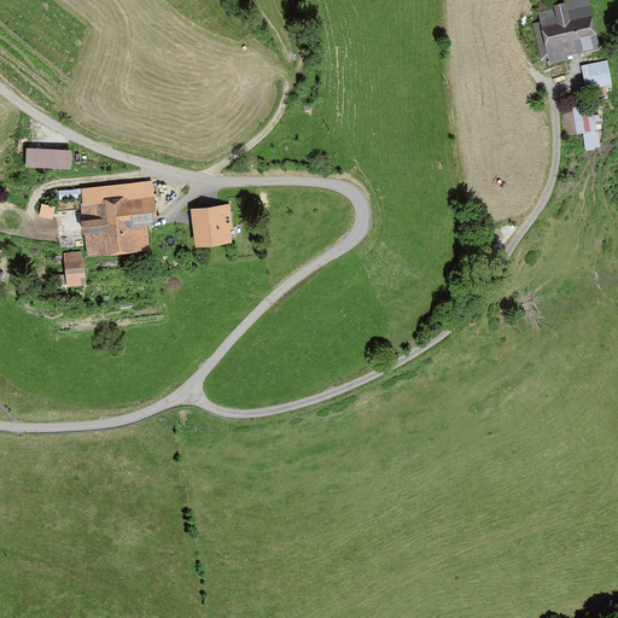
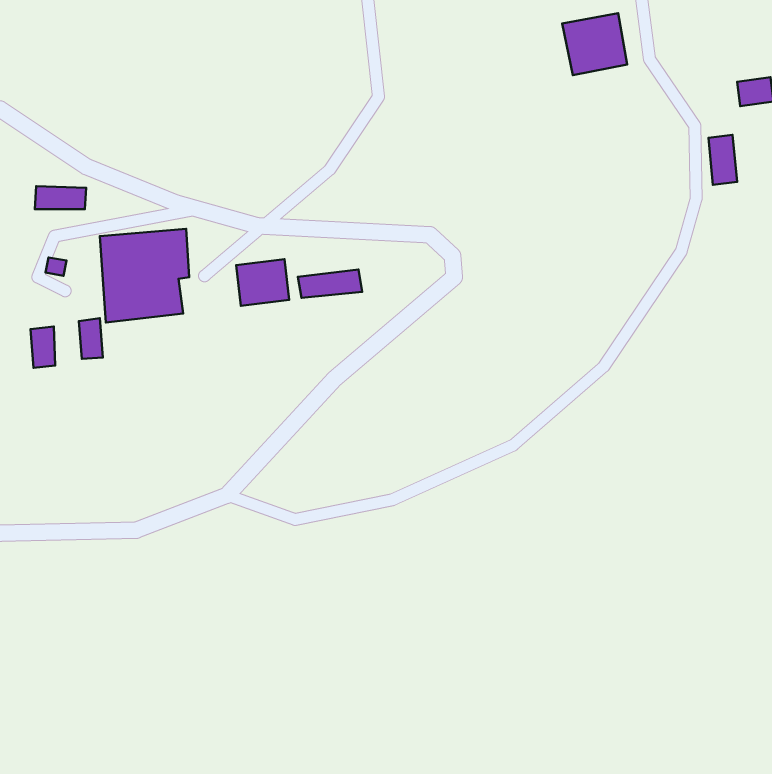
building: [540,7,591,57] -> [562,13,627,75]
building: none -> [298,269,362,298]
building: none -> [30,327,55,368]

